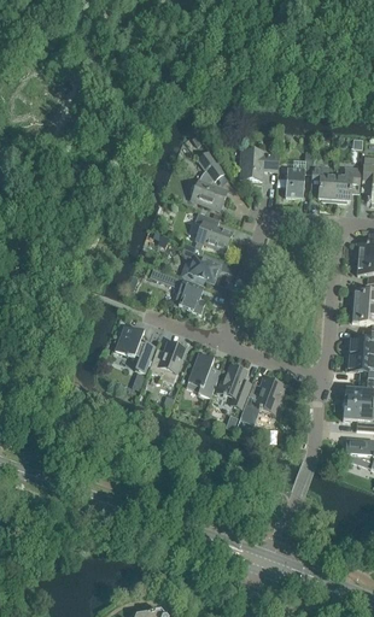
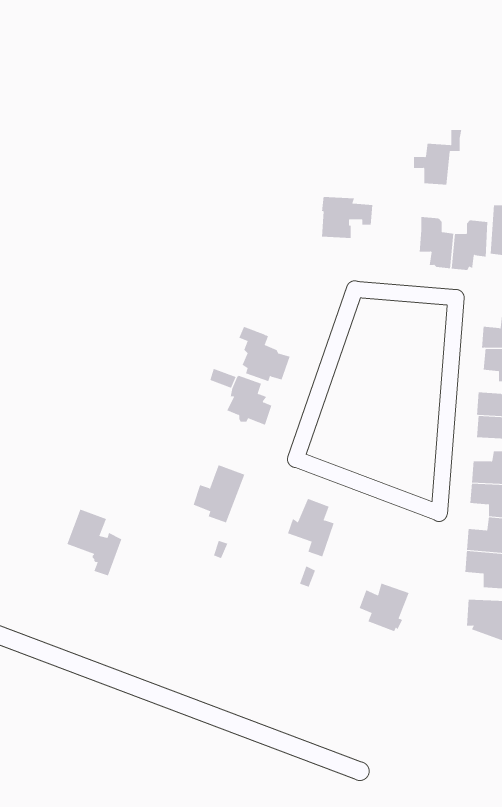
building: [191,149,228,208] -> none
building: [279,158,314,198] -> [413,130,462,185]
building: [195,211,233,249] -> none
building: [116,324,156,372] -> [66,509,122,576]
building: [187,353,221,396] -> none
building: [249,377,285,412] -> [359,583,410,632]

